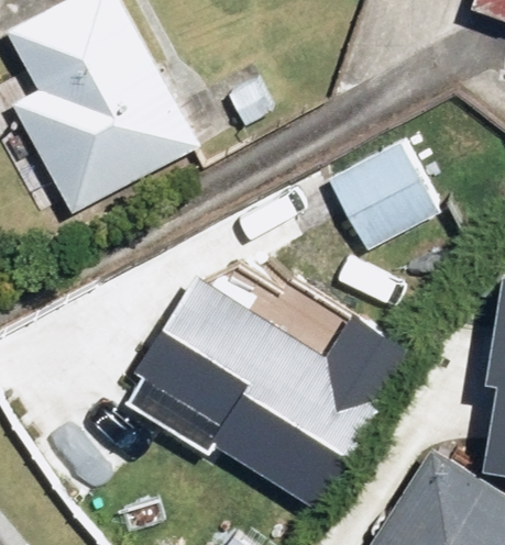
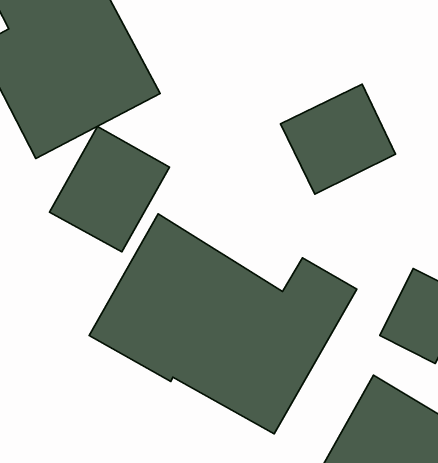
building: none -> [50,126,170,252]

